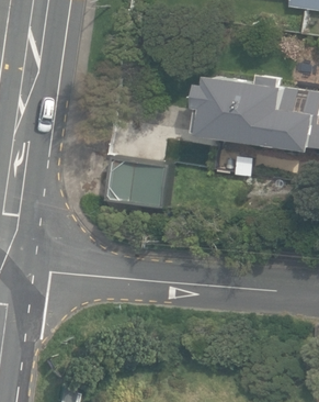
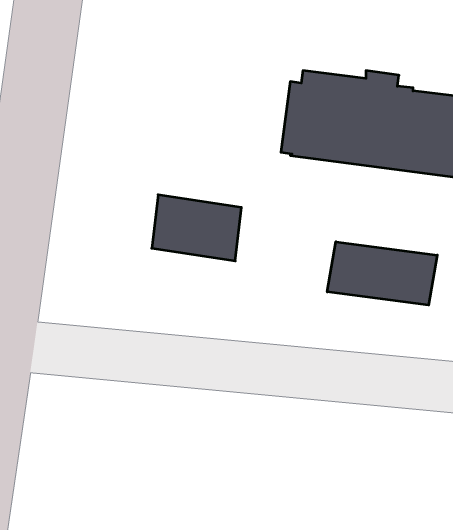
building: none -> [327,242,437,305]

